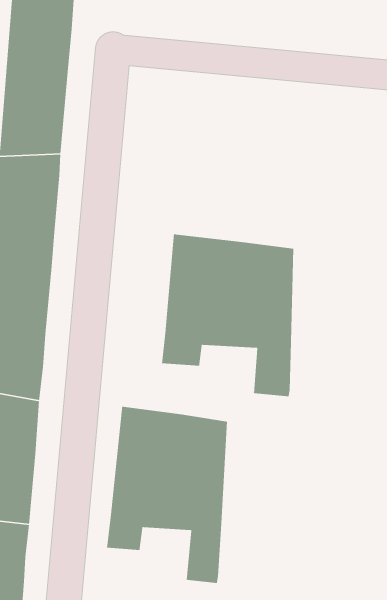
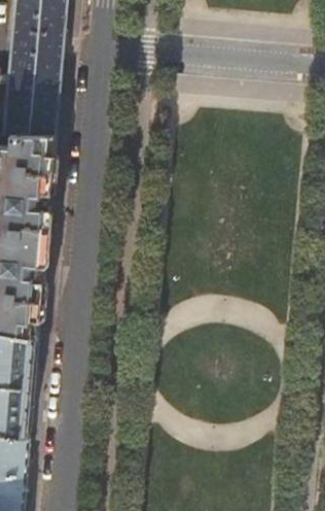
building: [161,234,294,397] -> none
building: [106,406,228,584] -> none

